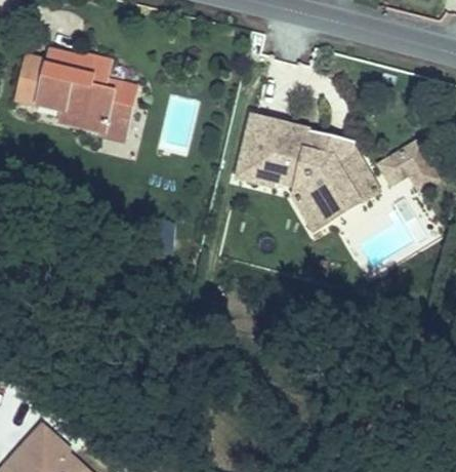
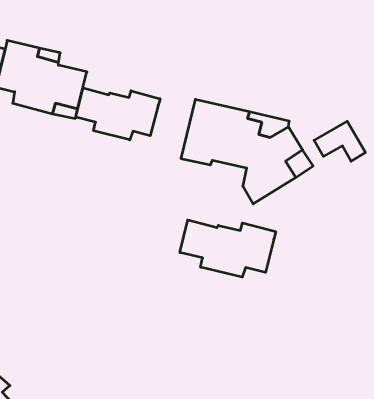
building: none -> [76,88,160,140]
building: none -> [180,220,276,277]

